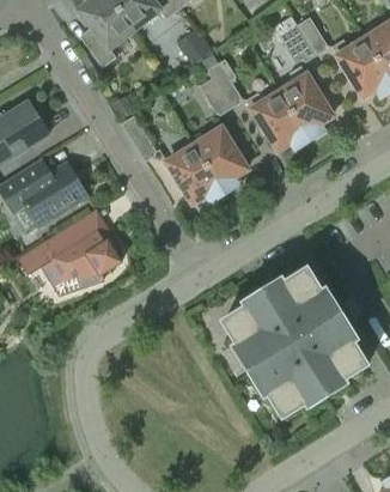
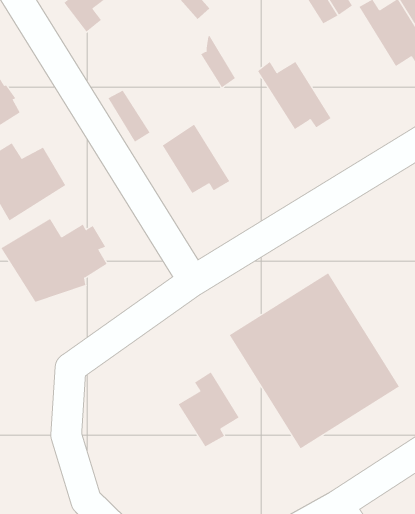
building: [202,53,242,105] -> none
building: [279,65,331,139] -> none
building: [194,127,246,192] -> none
building: none -> [178,372,240,447]

